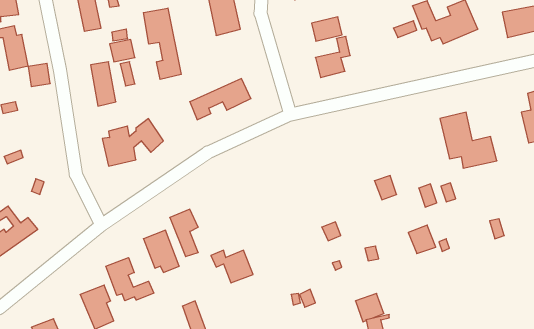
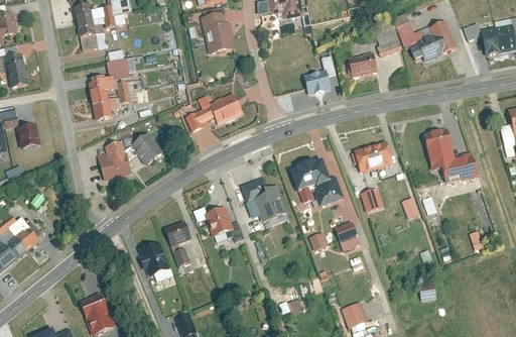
building: [143,8,181,79] -> none
building: [312,17,342,41] -> [348,51,377,75]
building: [28,63,50,87] -> [18,124,39,146]
building: none -> [354,140,394,172]
building: none -> [289,158,346,208]
building: none -> [242,179,288,222]
building: [408,225,436,254] -> [335,222,361,249]
building: [211,250,253,283] -> [194,205,234,236]
building: [106,258,154,301] -> none

